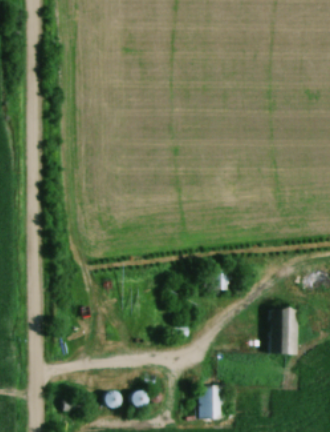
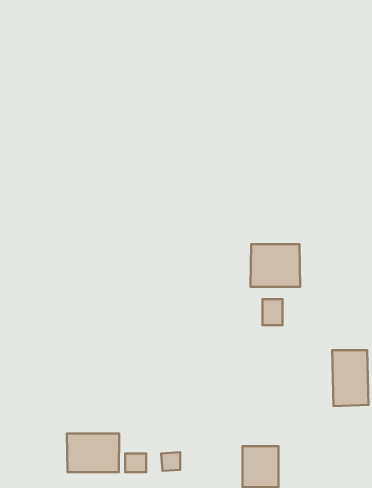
building: none -> [251,244,300,287]
building: none -> [67,433,119,472]

